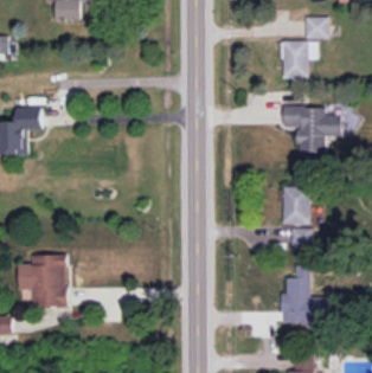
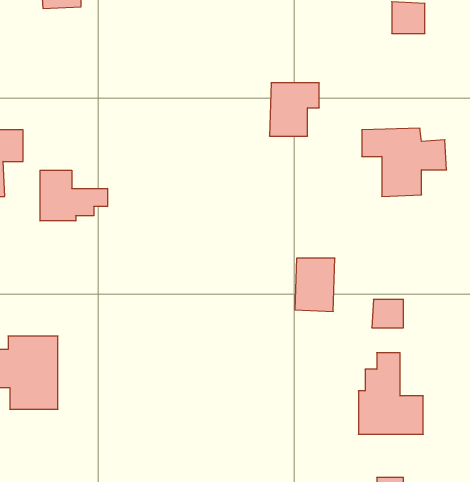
building: [281,41,316,79] -> [269,83,319,136]
building: none -> [40,170,107,221]
building: [282,187,310,225] -> [295,258,335,311]

